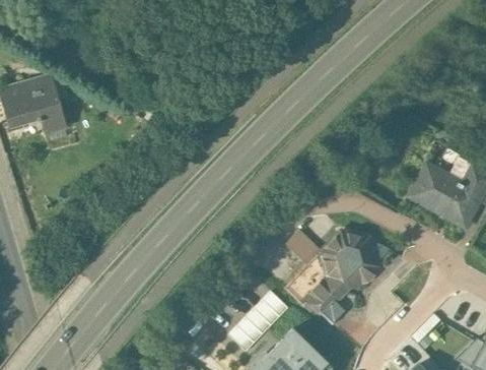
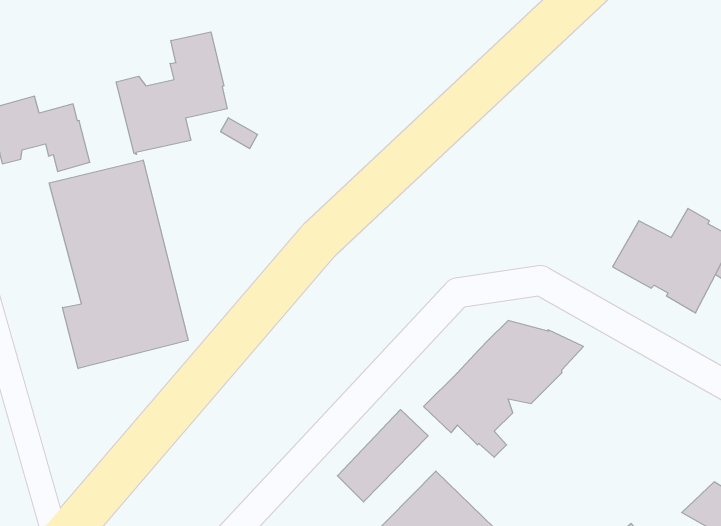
building: none -> [116,32,227,154]
building: none -> [49,160,188,369]
building: [286,229,323,265] -> none

